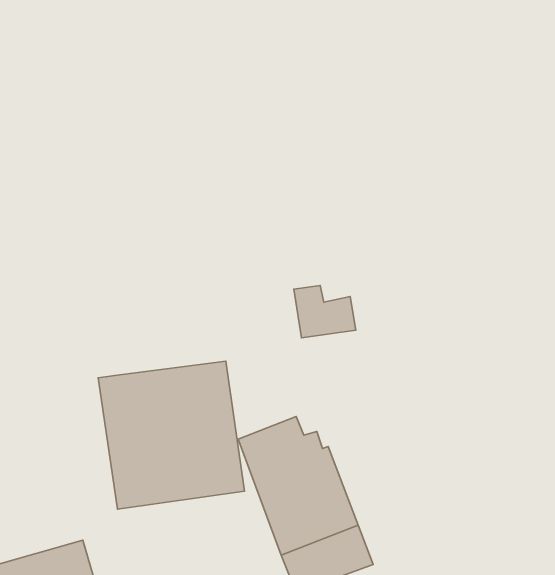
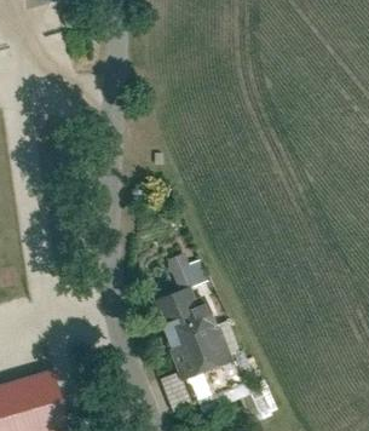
building: [294,285,356,338] -> [163,255,203,289]
building: [98,361,244,509] -> none

